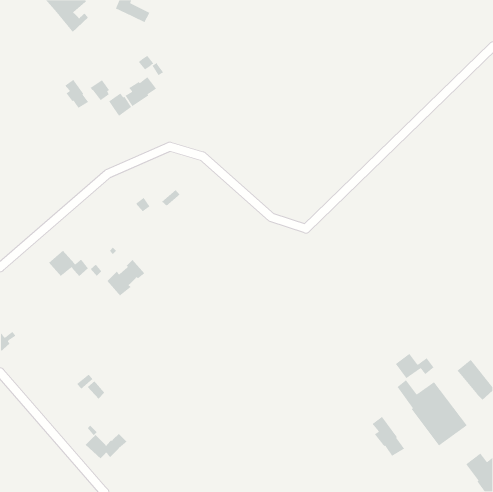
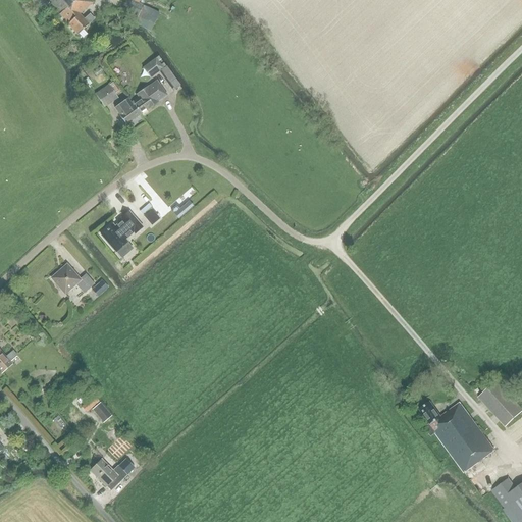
building: [64,79,89,109] -> none
building: [106,259,145,297] -> [101,211,142,251]
building: [395,353,434,379] -> none
building: [371,416,405,457] -> none

